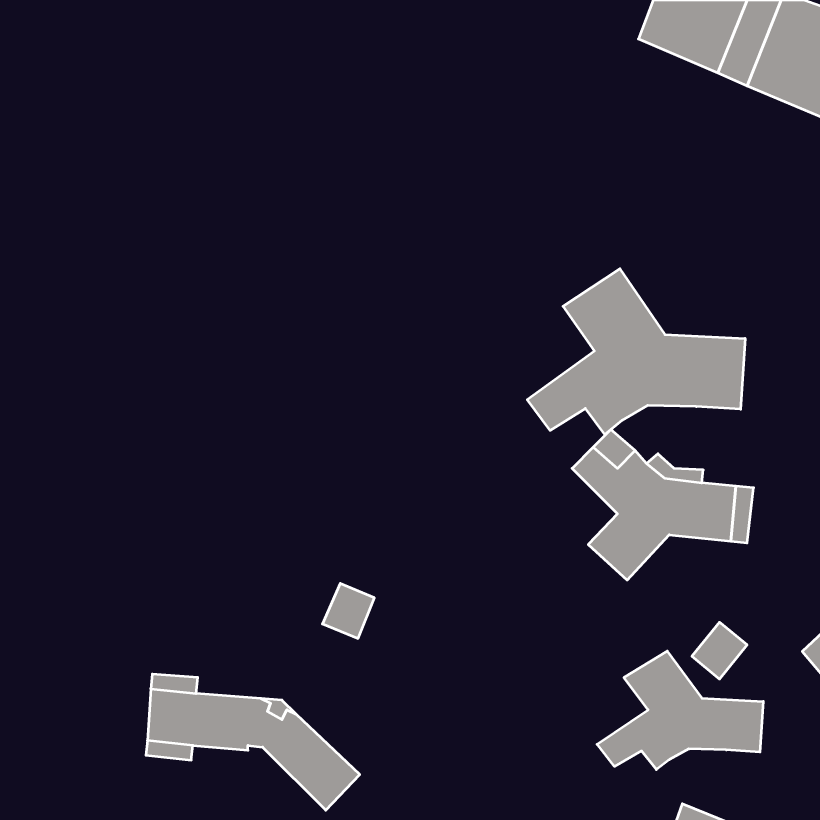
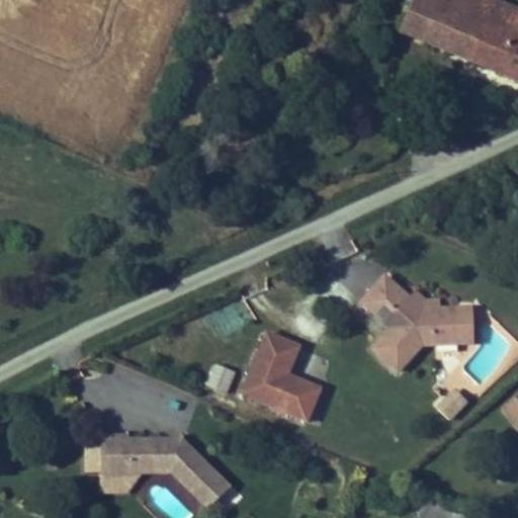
building: [527,269,745,435] -> none
building: none -> [244,330,318,420]
building: [597,651,763,770] -> none

